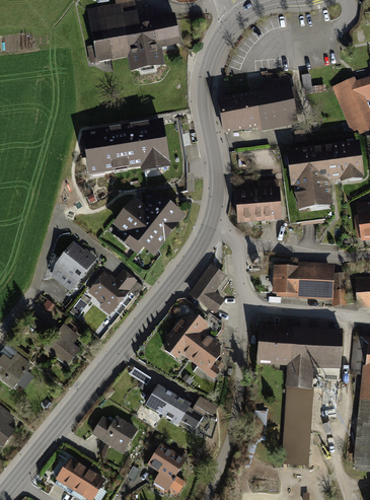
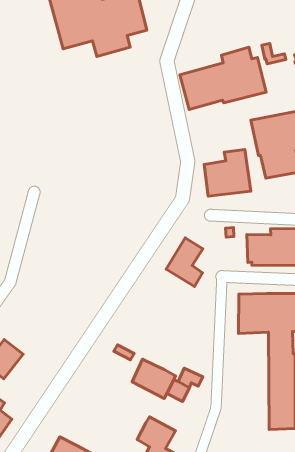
building: [85,121,175,178] -> none
building: [112,197,189,264] -> none
building: [56,241,100,286] -> none
building: [85,269,142,316] -> none
building: [163,313,222,376] -> none
building: [45,326,83,371] -> none
building: [90,415,137,452] -> none

